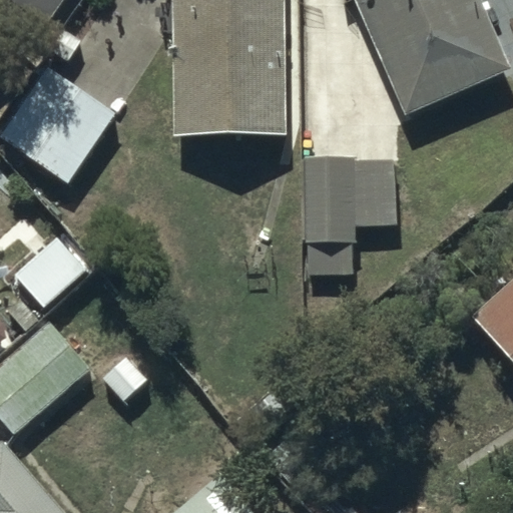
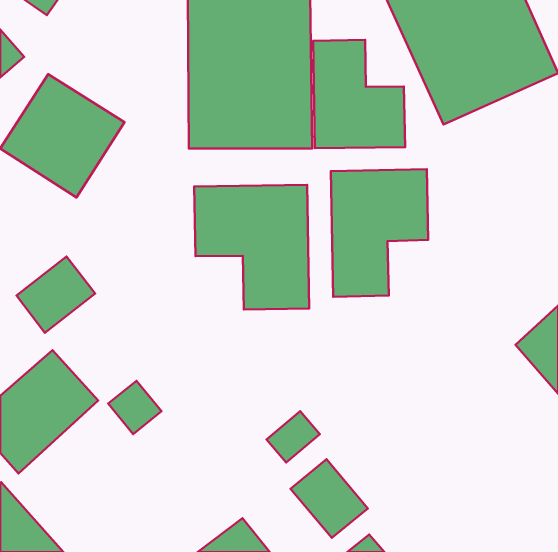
building: none -> [313,40,405,148]
building: none -> [194,185,309,310]

